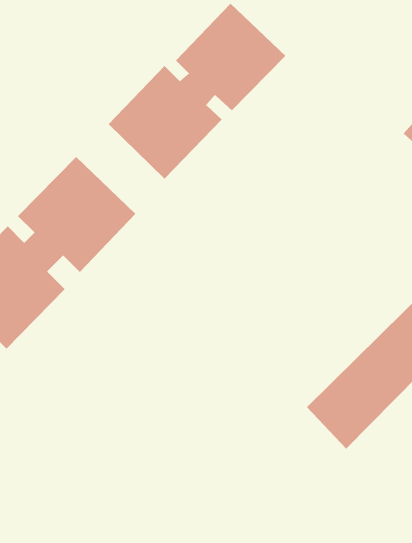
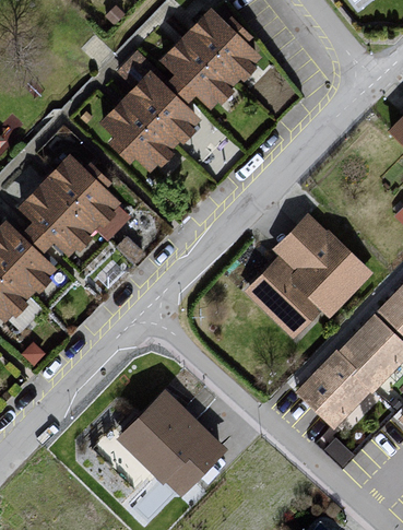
building: none -> [241,212,375,340]
building: none -> [112,389,224,494]

